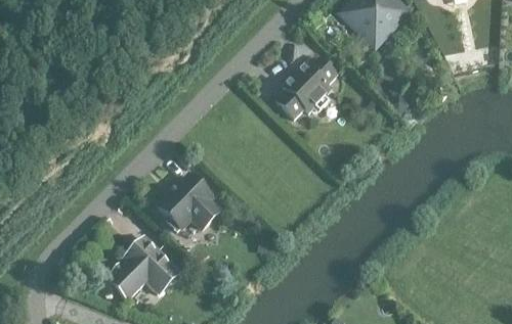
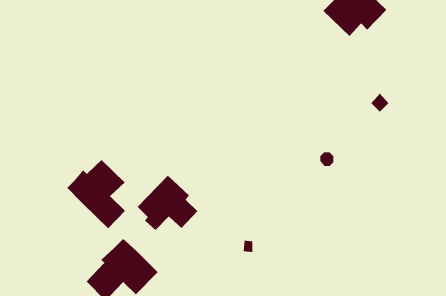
building: [275,56,336,118] -> none
building: none -> [67,159,126,229]

